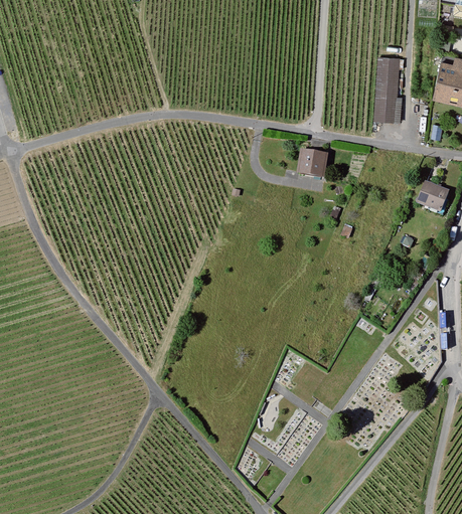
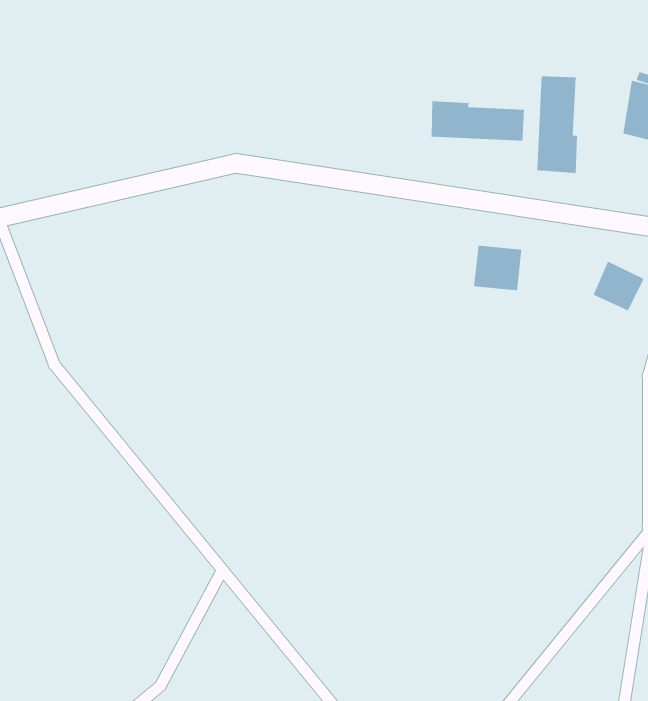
building: none -> [431,101,525,142]
building: [293,148,326,179] -> [473,245,522,291]

